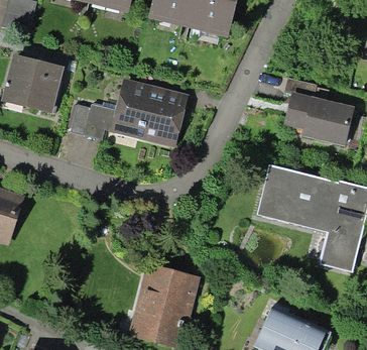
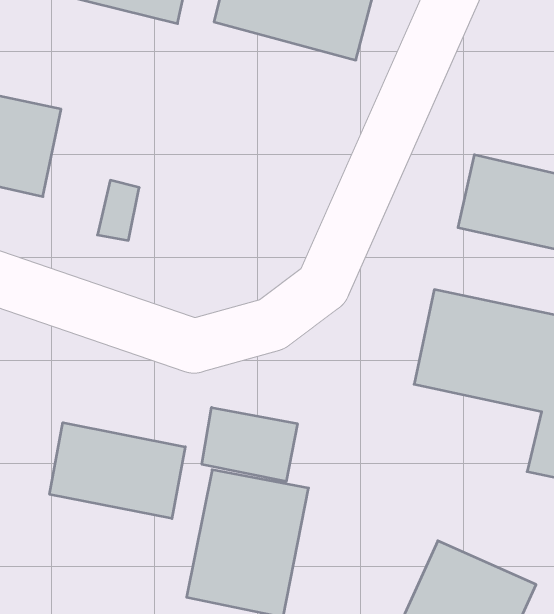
building: [111,82,179,146] -> none
building: none -> [202,407,297,481]
building: none -> [50,423,185,519]

